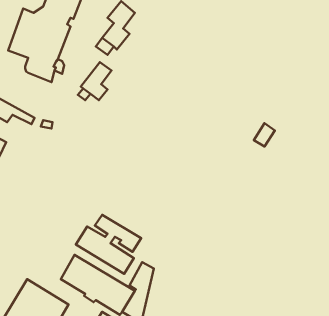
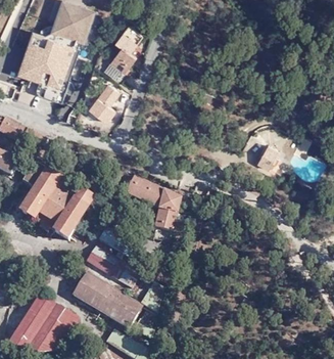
building: none -> [19,161,91,238]
building: none -> [125,175,180,230]

